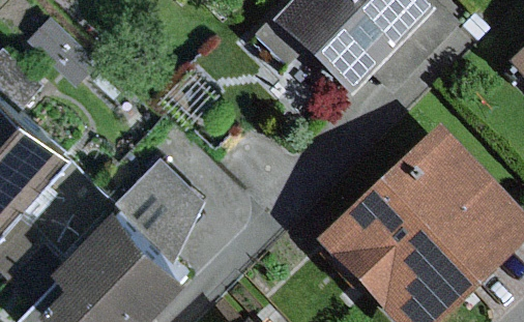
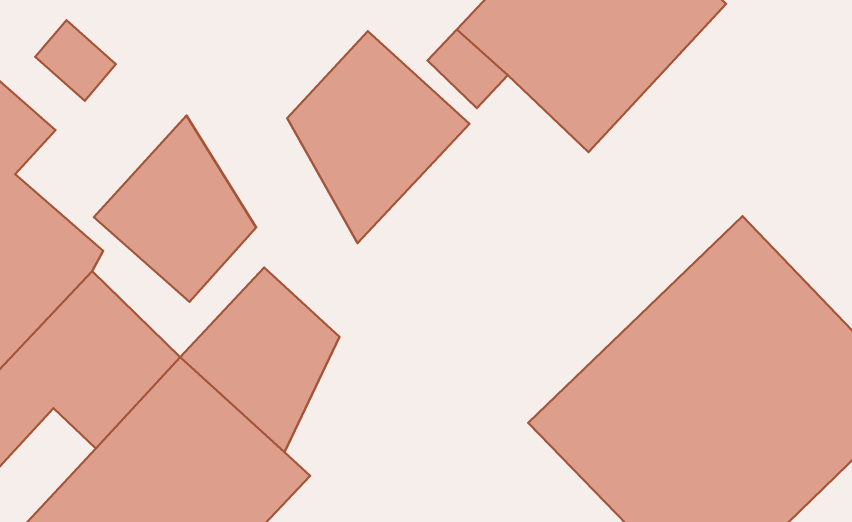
building: none -> [287,31,470,243]
building: none -> [94,115,256,302]

